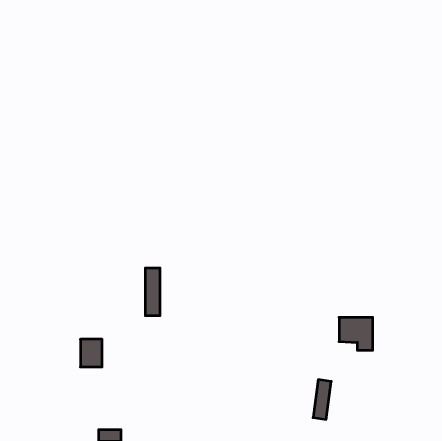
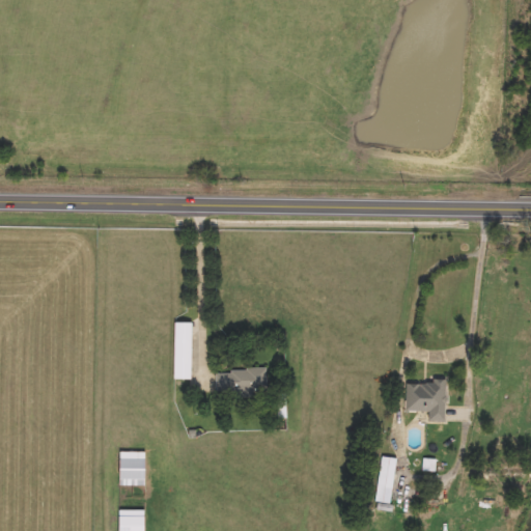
building: none -> [217,368,268,394]
building: [80,339,102,367] -> [119,451,145,484]

